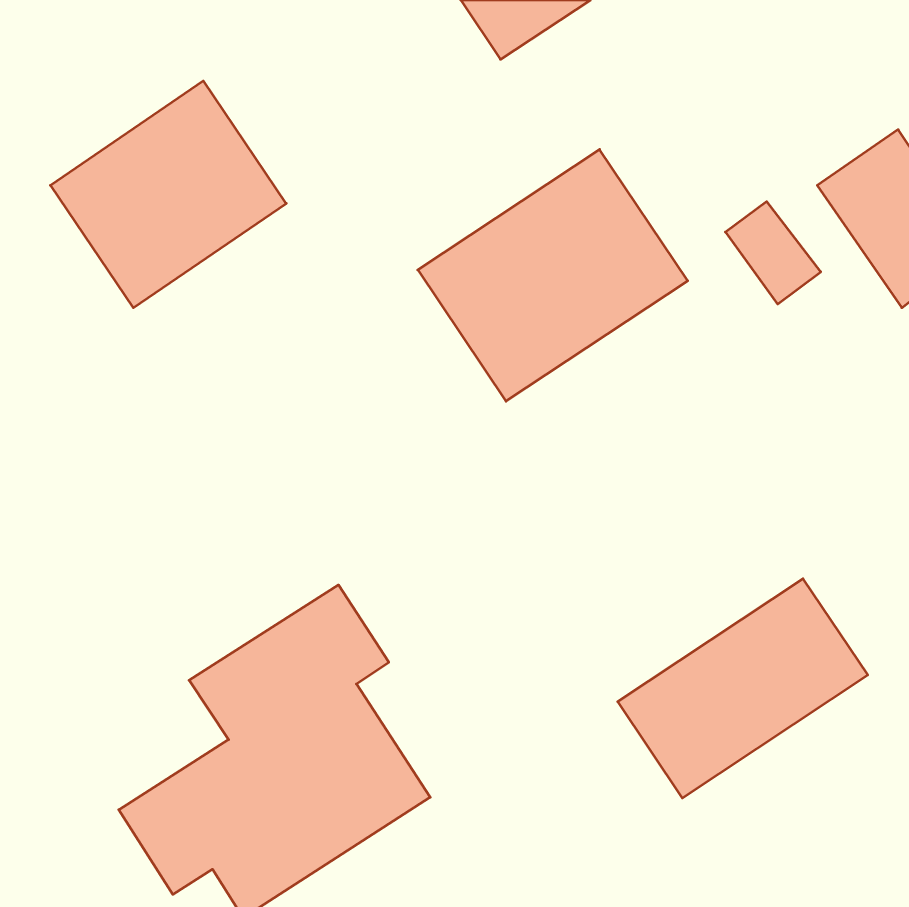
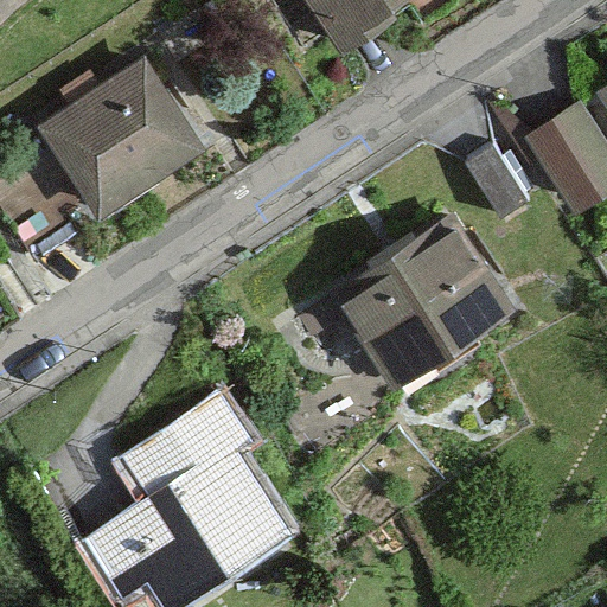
building: [418,149,688,401] -> [331,216,509,382]
building: [618,579,868,798] -> none

